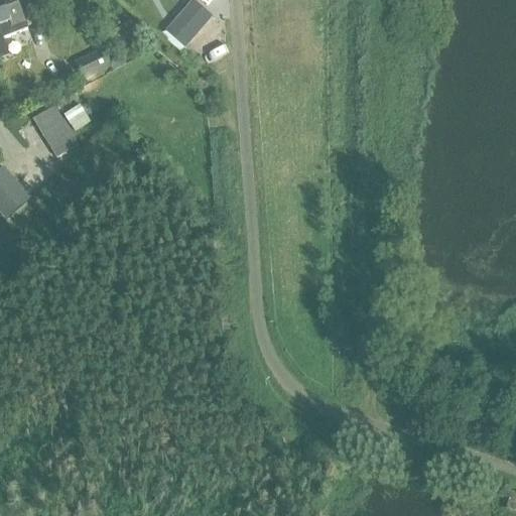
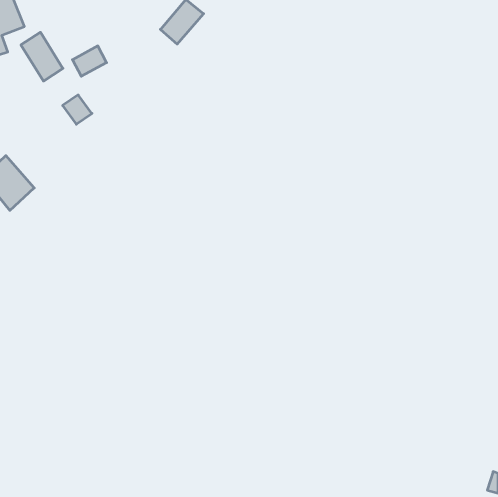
building: [33,105,77,155] -> [21,32,63,81]

